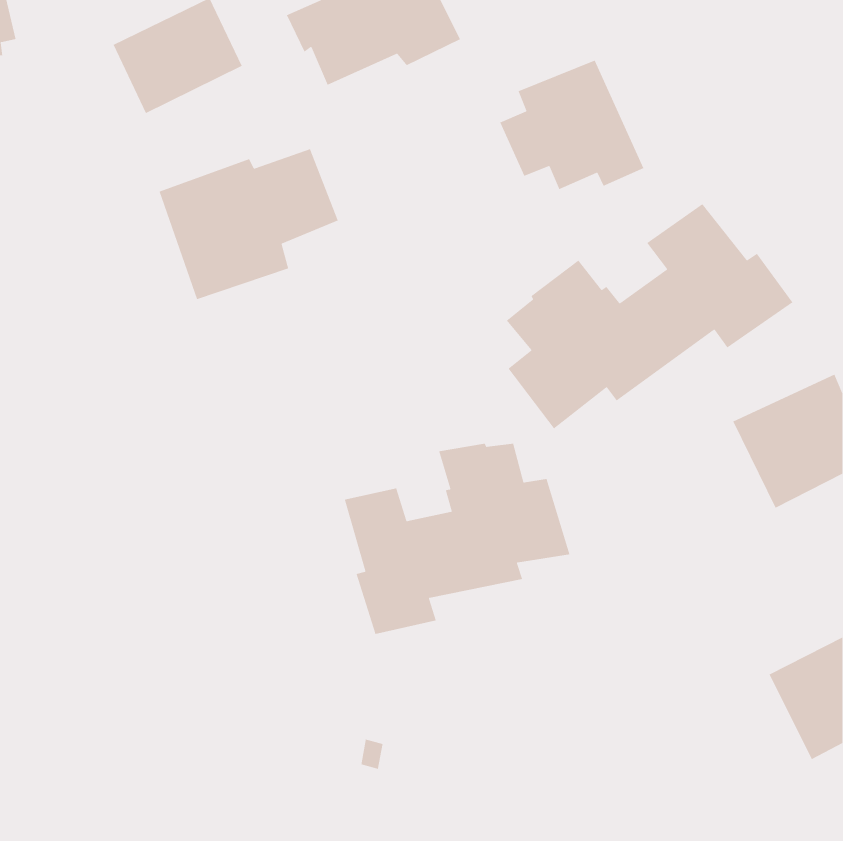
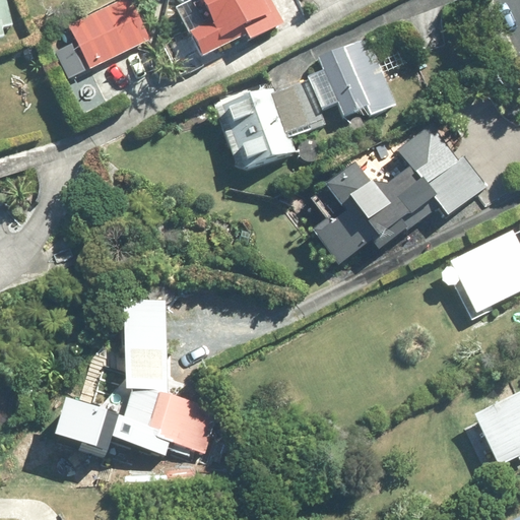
building: [159,148,339,300] -> [214,78,325,172]
building: [344,443,571,635] -> none
building: none -> [50,299,213,462]

